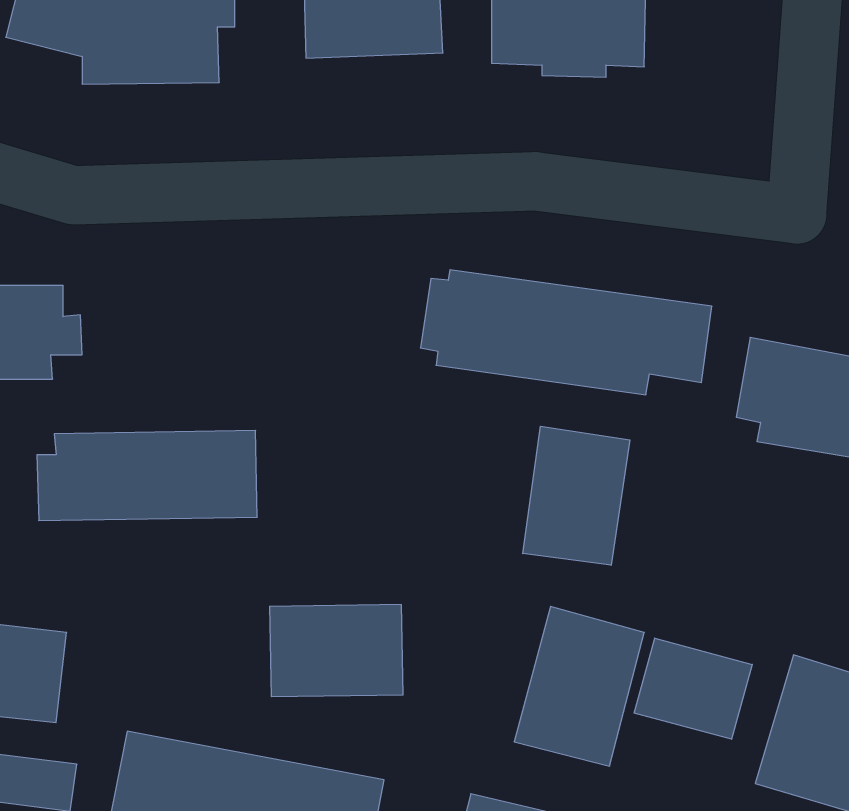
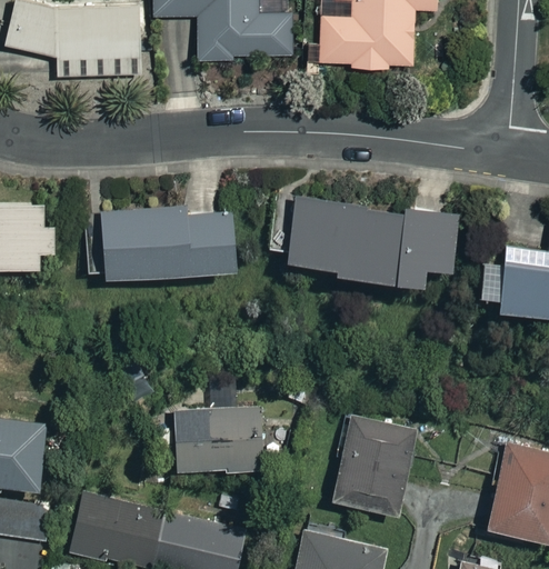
building: [523,426,630,565] -> none
building: [37,430,257,521] -> [87,212,228,270]
building: [634,638,752,739] -> none

